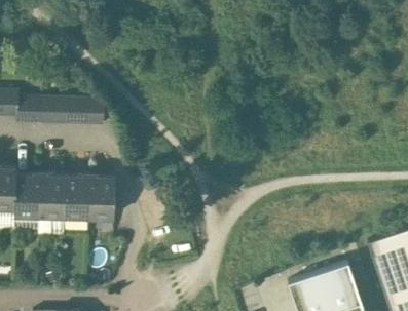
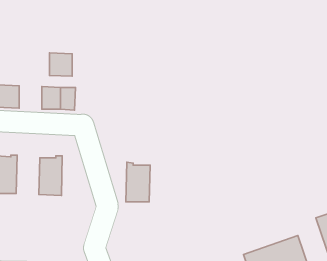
building: [42,100,67,125] -> [50,53,72,76]
building: [39,176,65,219] -> none
building: [88,177,115,220] -> [126,162,150,202]

